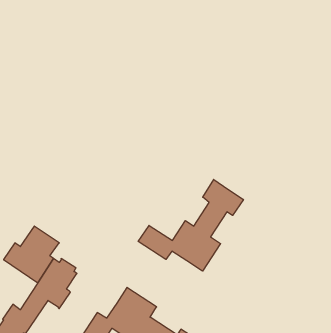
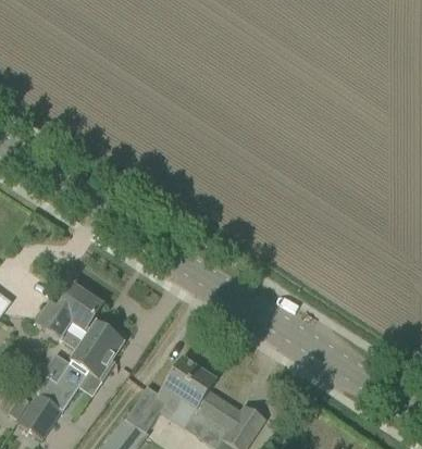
building: [138,179,243,271] -> none

